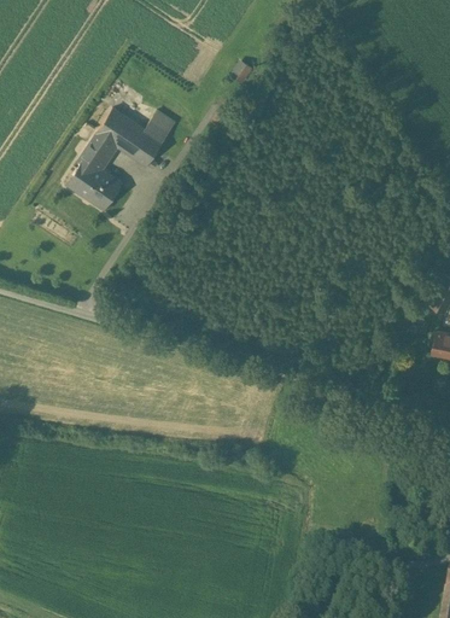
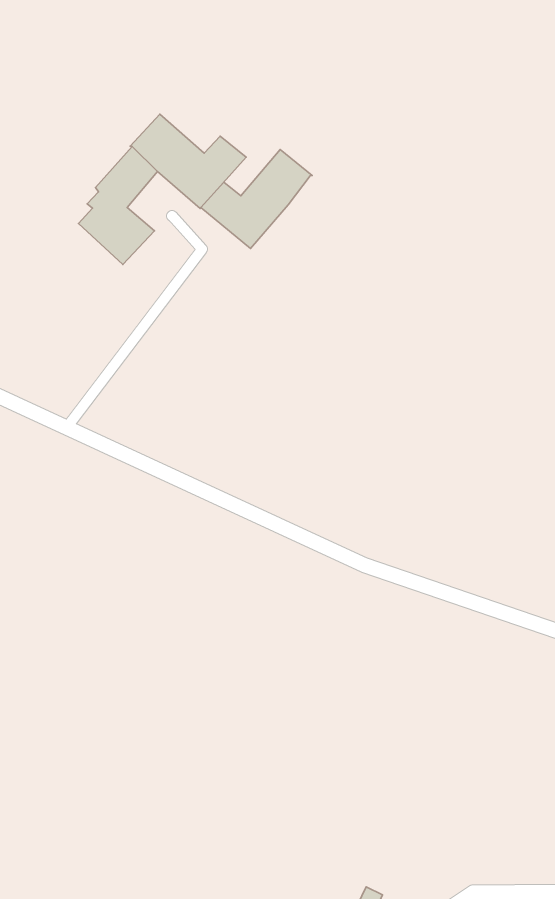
building: none -> [201,150,312,249]

